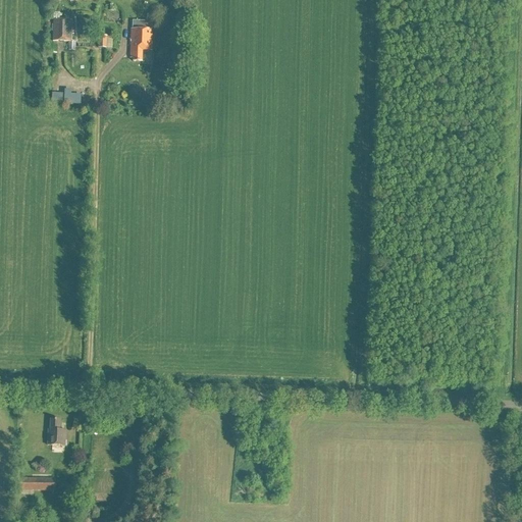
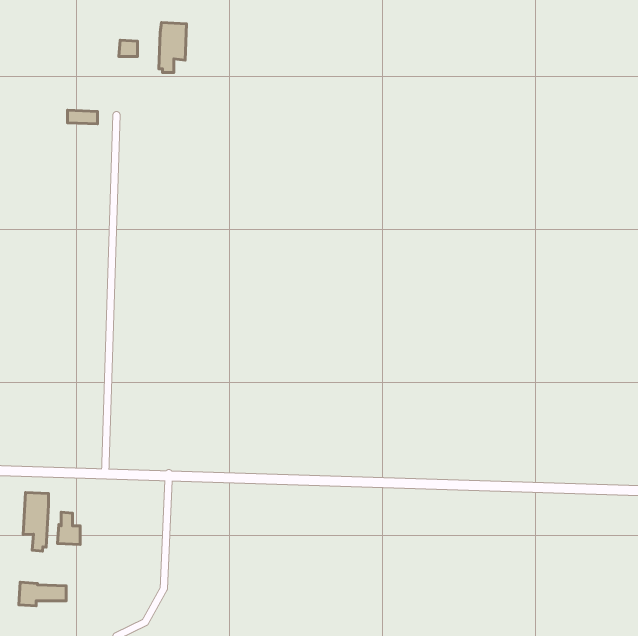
building: [53,17,72,40] -> none
building: none -> [23,493,49,551]

